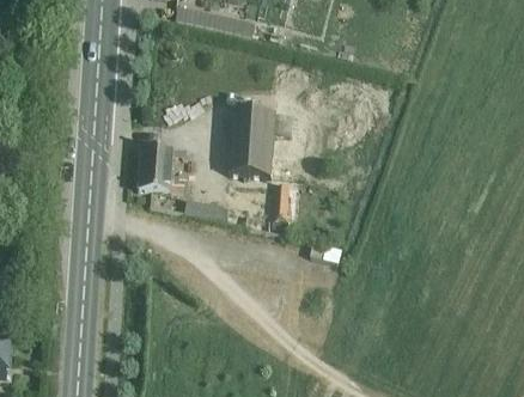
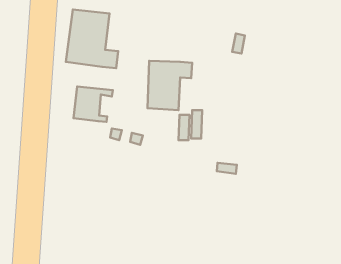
building: none -> [66,9,118,68]

